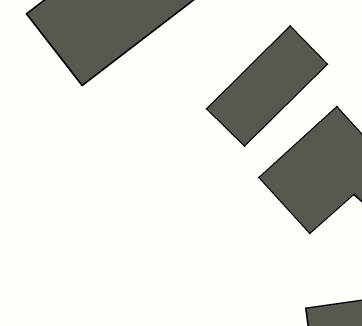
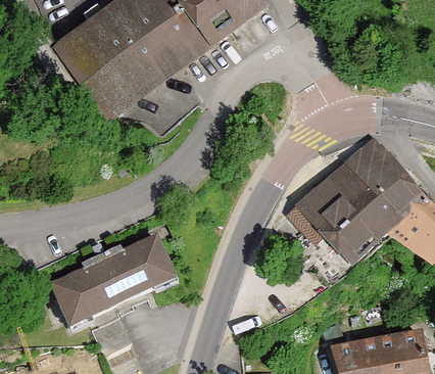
building: [206,26,328,146] -> none
building: none -> [54,233,183,329]

